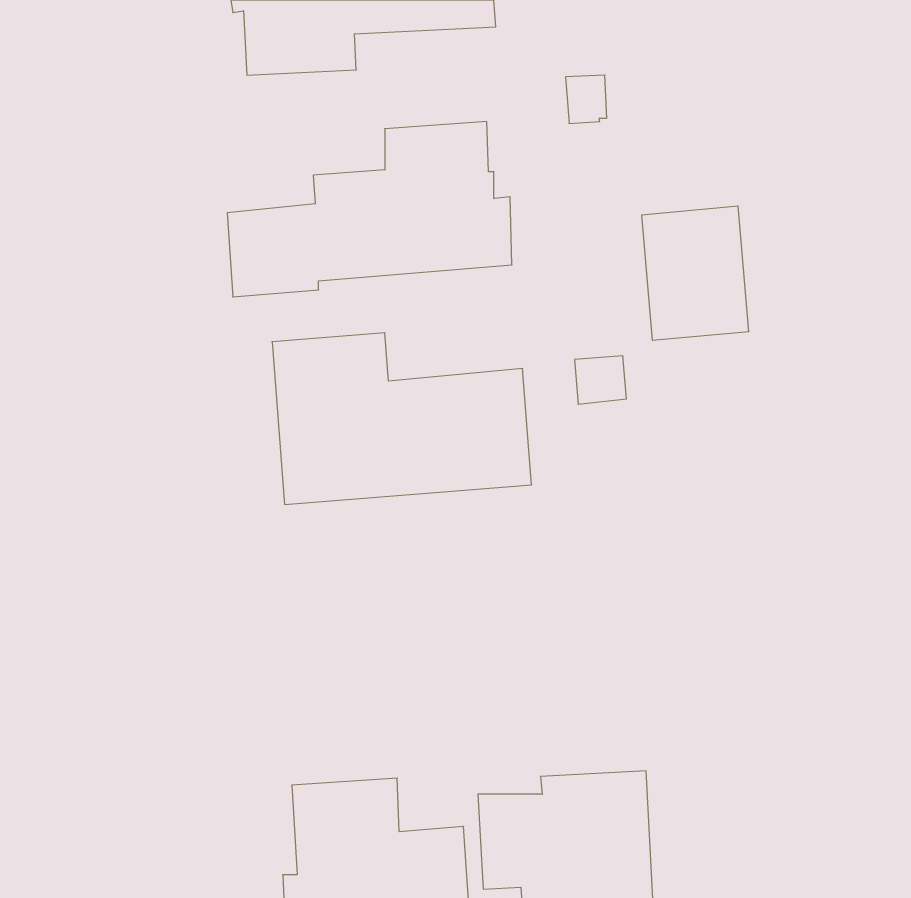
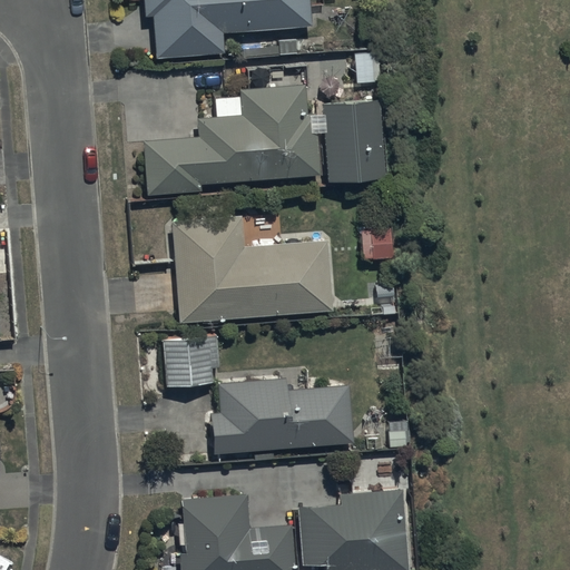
building: [642,206,749,340] -> [321,98,387,181]
building: none -> [163,336,220,385]
building: none -> [209,379,354,454]

